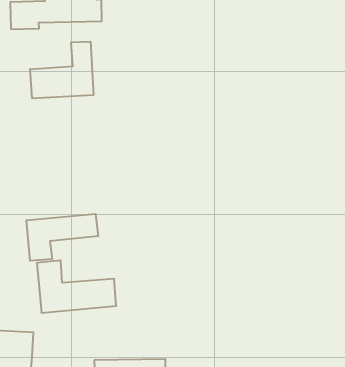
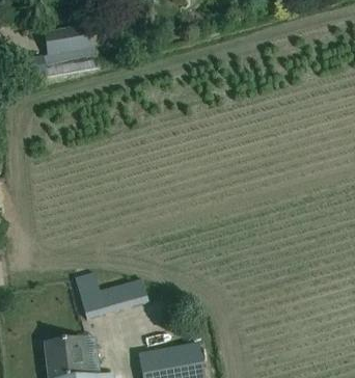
building: [30,42,93,98] -> none
building: [26,214,98,261] -> none

